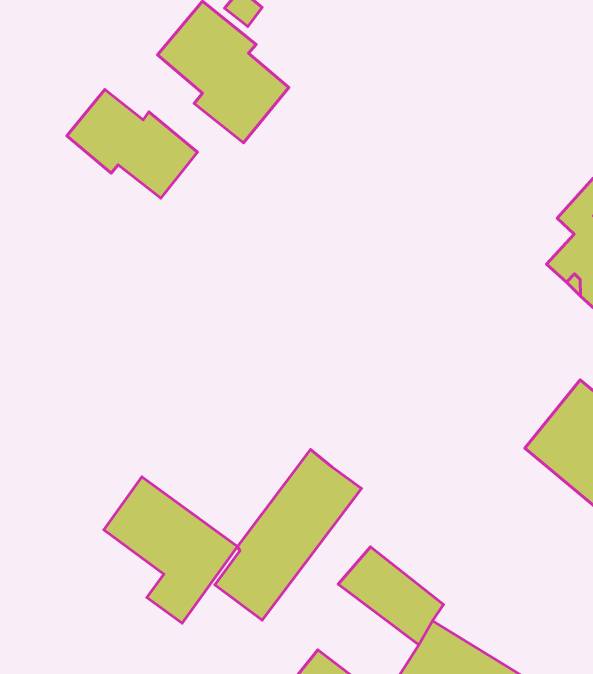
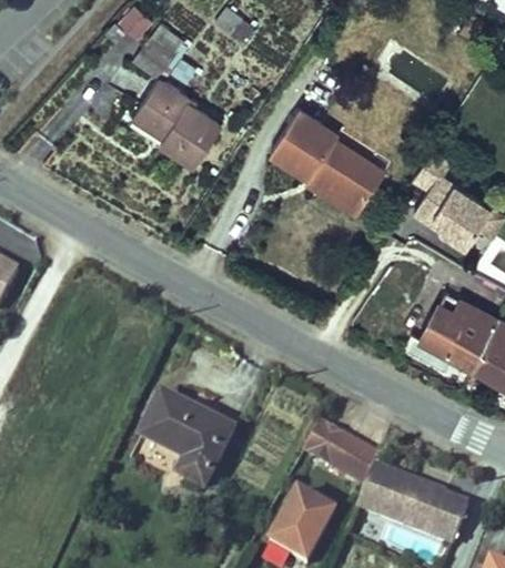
building: none -> [269,105,384,211]
building: [67,90,197,198] -> none
building: [215,450,362,620] -> none

